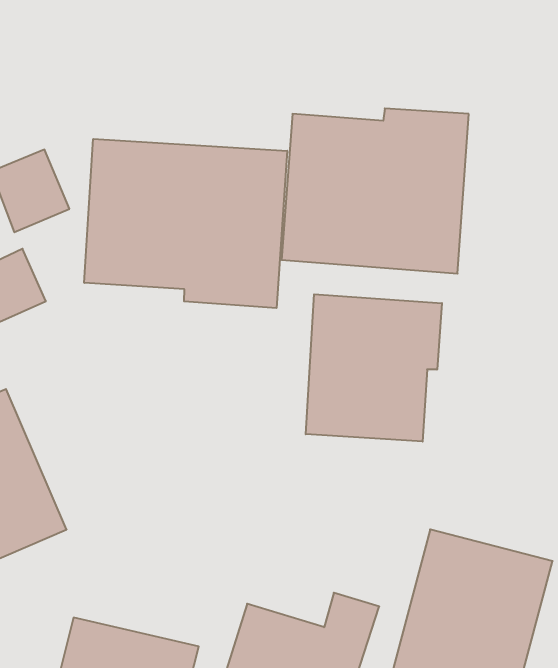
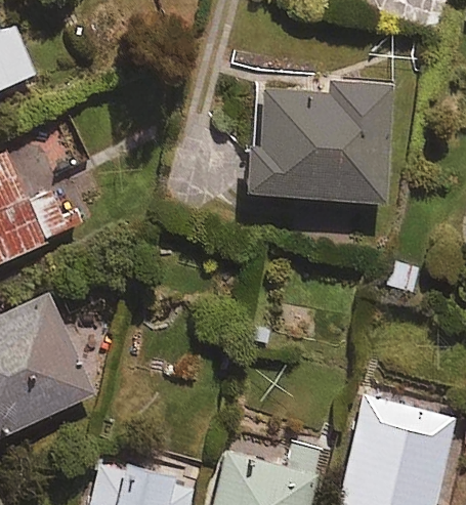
building: [84,139,287,308] -> none
building: [306,294,442,442] -> none

